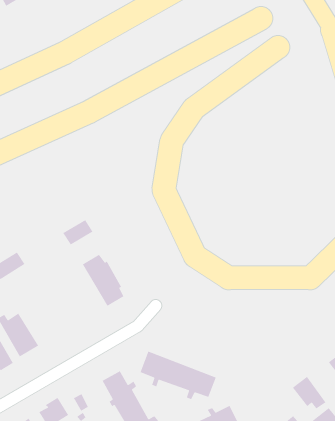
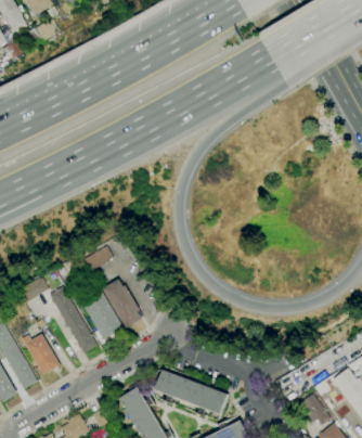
building: none -> [49,286,96,353]
building: none -> [81,292,122,340]

